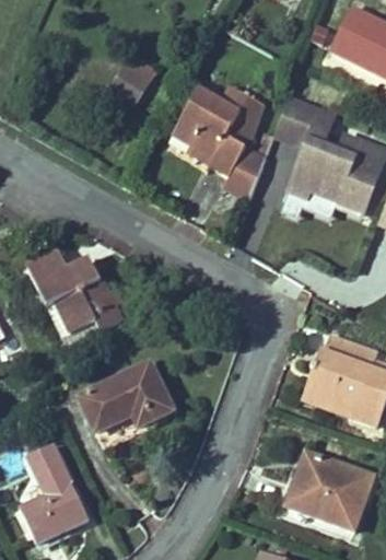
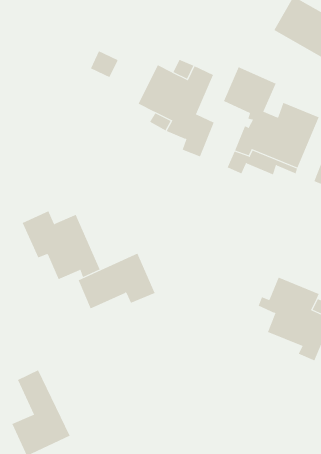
building: [84,370,175,435] -> [78,253,156,309]
building: [285,456,370,534] -> none

